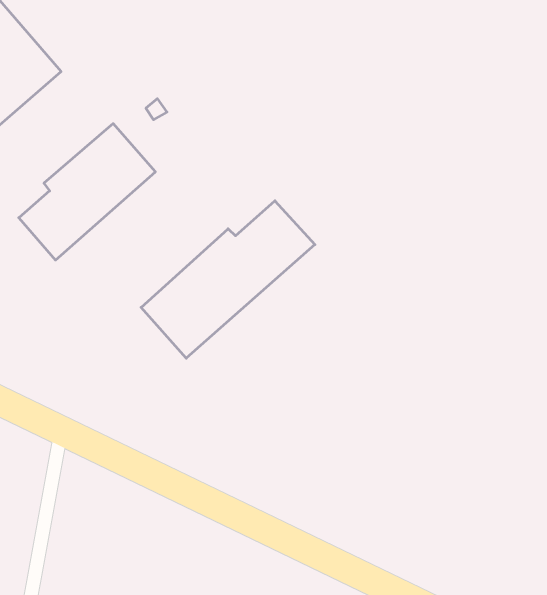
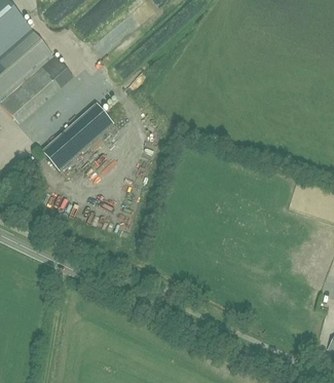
building: [141,201,315,358] -> none

